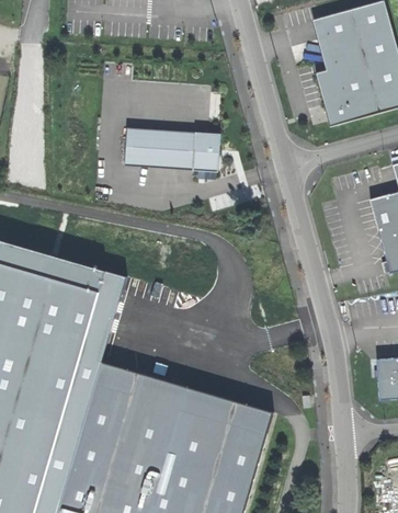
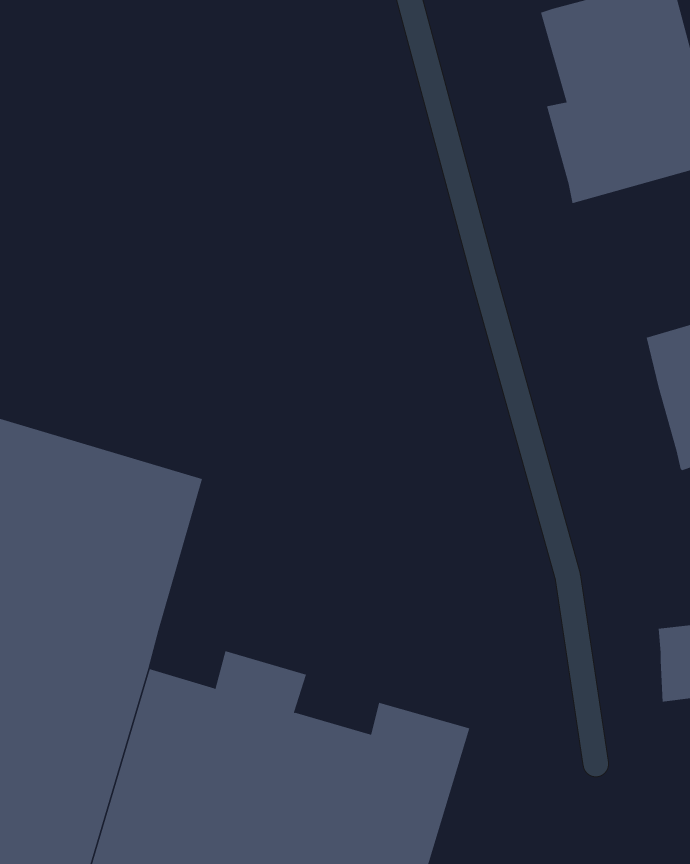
building: [123,128,219,172] -> none
building: [95,361,137,392] -> none
building: [175,385,273,418] -> none

